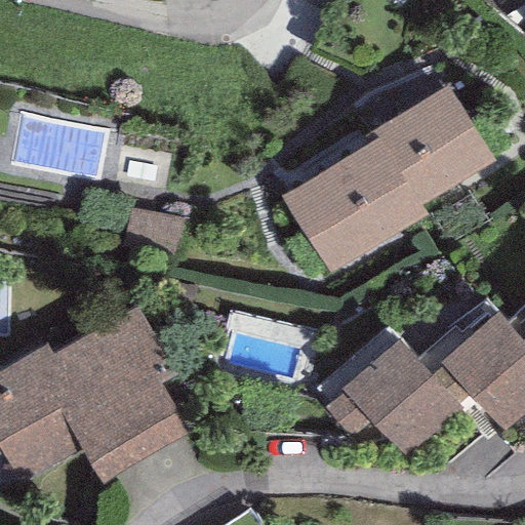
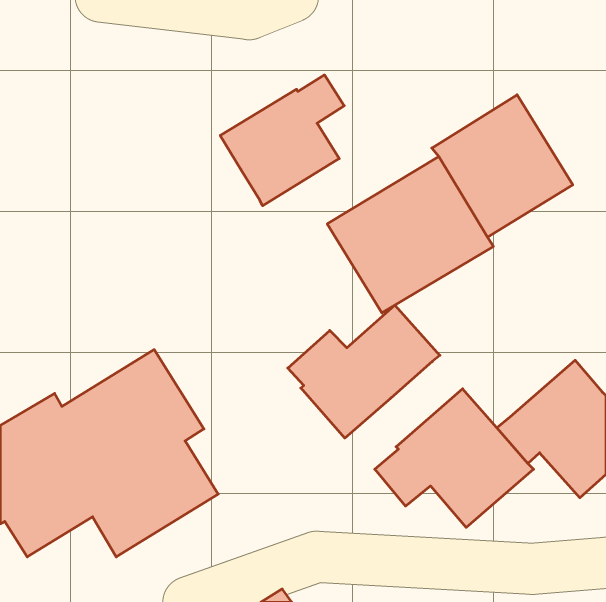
building: none -> [220,75,344,206]
building: none -> [288,305,440,438]

